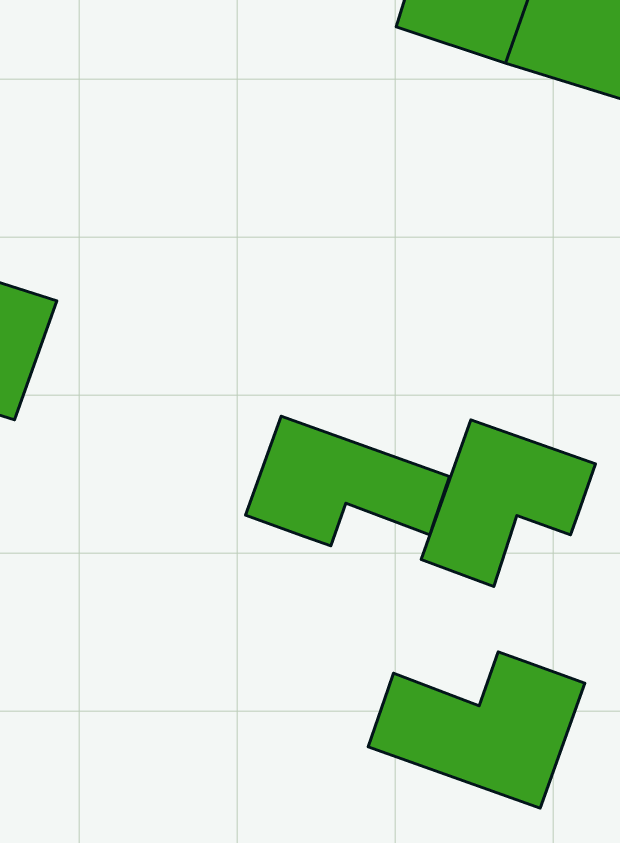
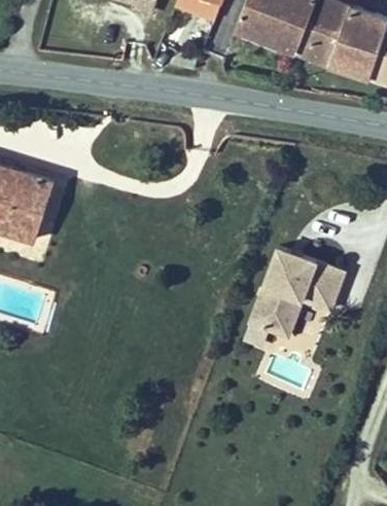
building: [245,416,450,546] -> none
building: [368,652,585,808] -> none

